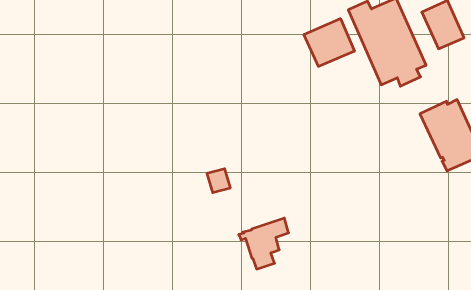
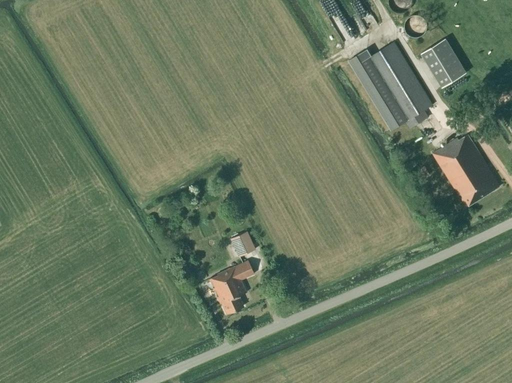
building: [304,19,354,66] -> none
building: [239,218,289,269] -> [204,260,253,314]

